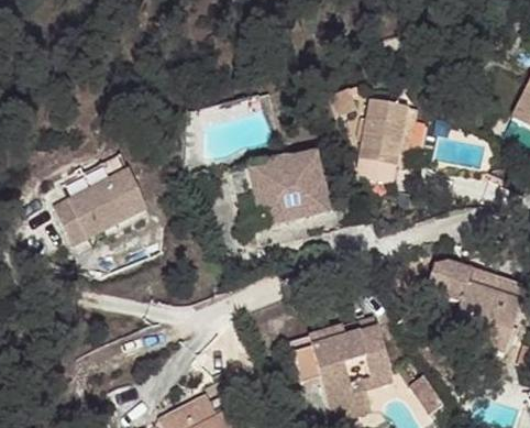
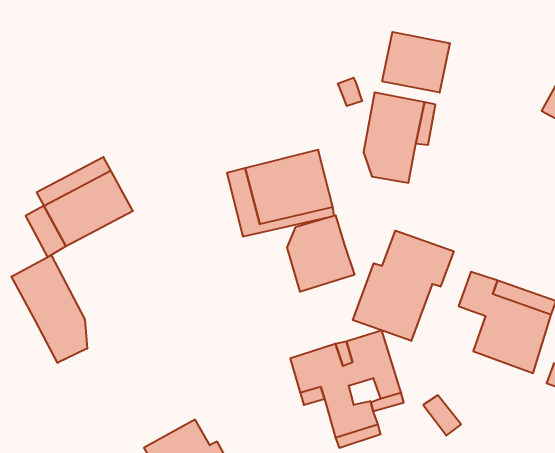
building: none -> [382,32,450,93]
building: none -> [287,215,354,292]
building: none -> [353,231,454,341]
building: none -> [11,255,87,363]

